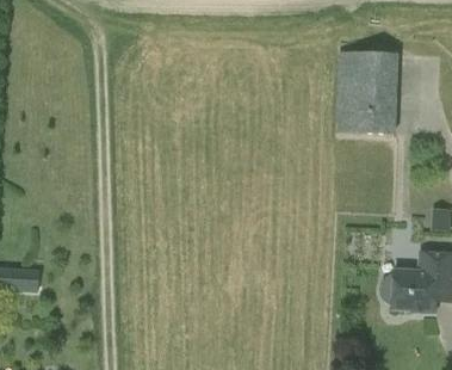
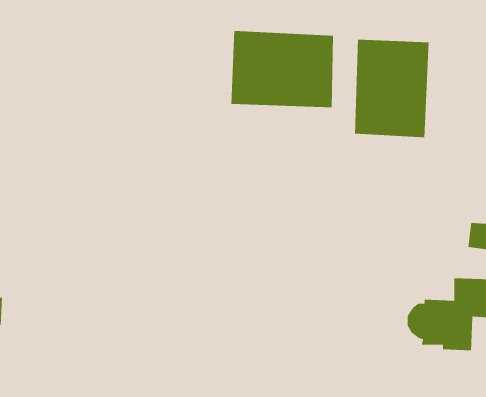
building: none -> [230,30,334,108]

